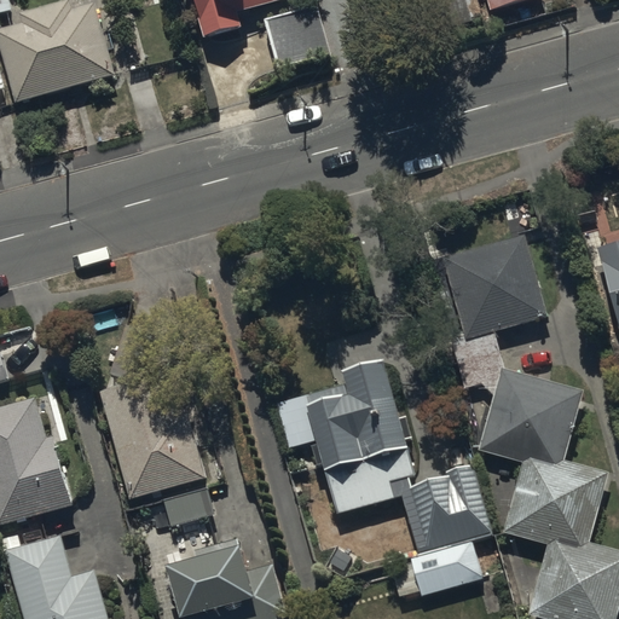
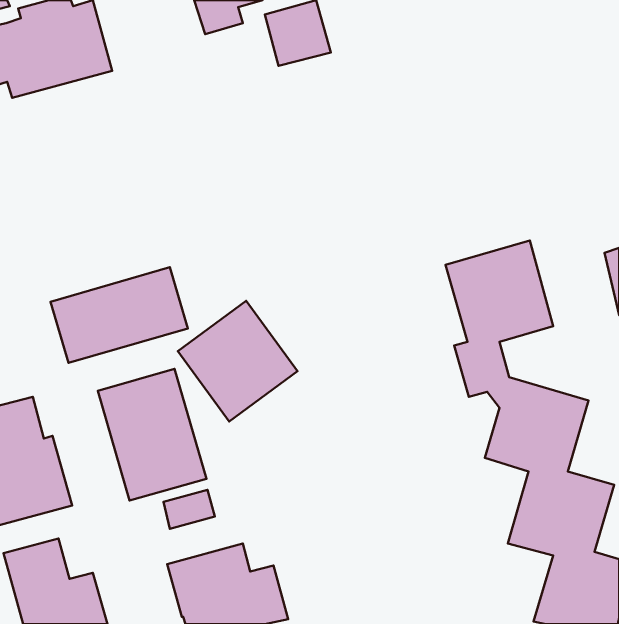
building: none -> [51,267,188,363]
building: none -> [178,301,298,421]
building: [307,364,491,602] -> none

